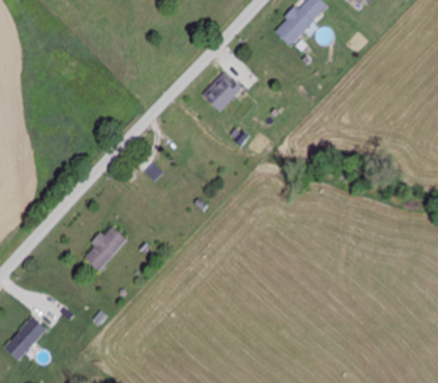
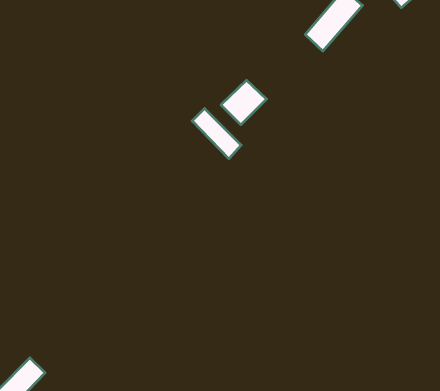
building: none -> [192,108,241,159]
building: [84,227,126,272] -> none

